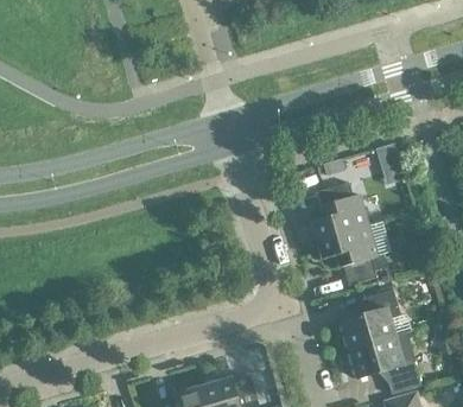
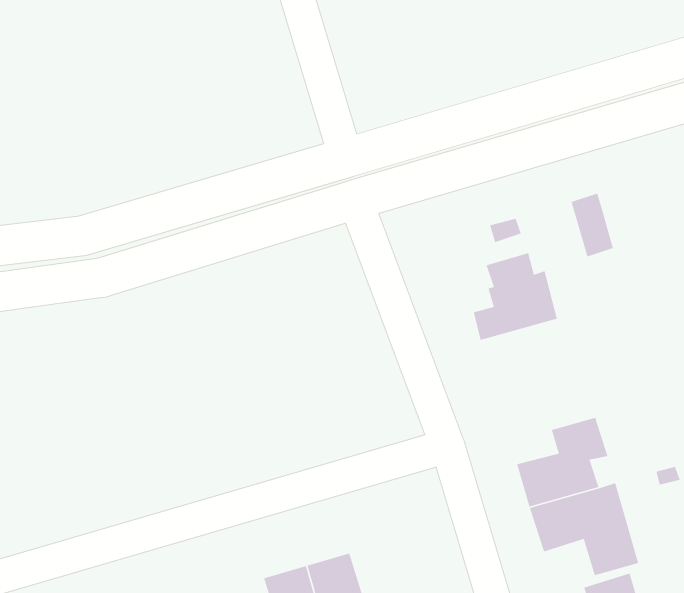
building: [317,225,387,285] -> none

